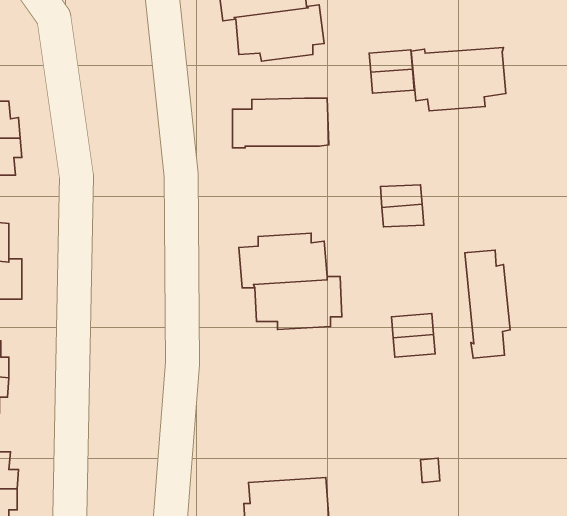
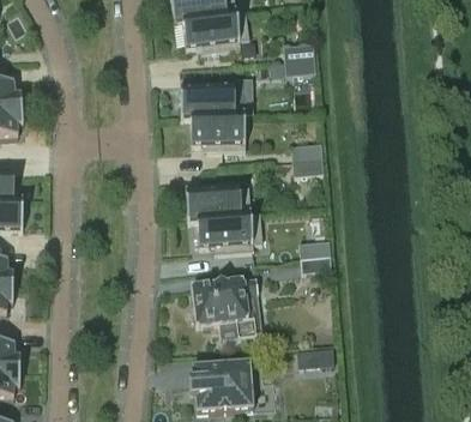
building: [411,48,506,111] -> none
building: none -> [189,115,244,151]
building: [465,250,510,358] -> none
building: none -> [189,278,258,338]

